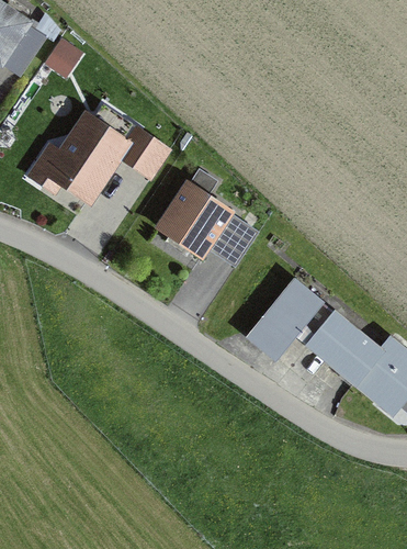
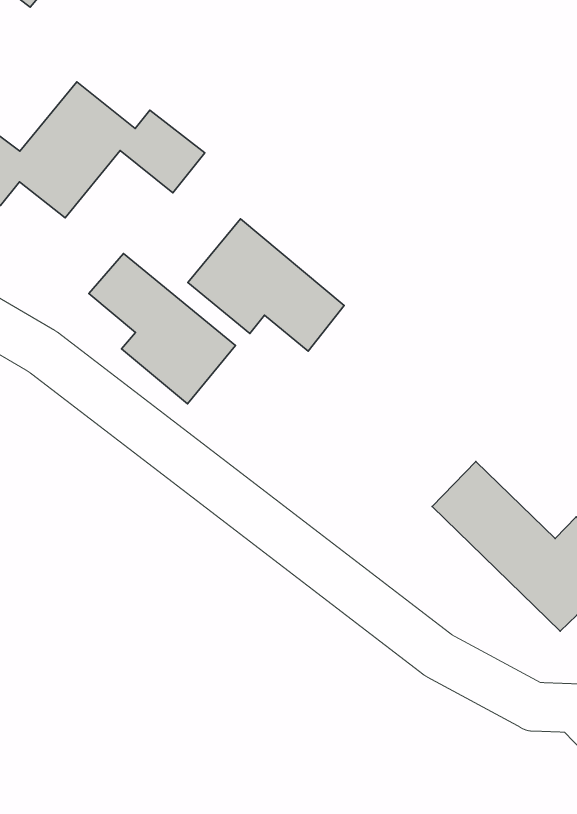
building: none -> [89,253,236,404]
building: [247,283,309,351] -> none

